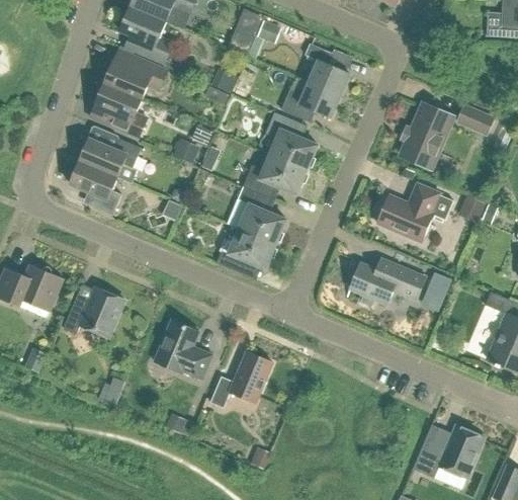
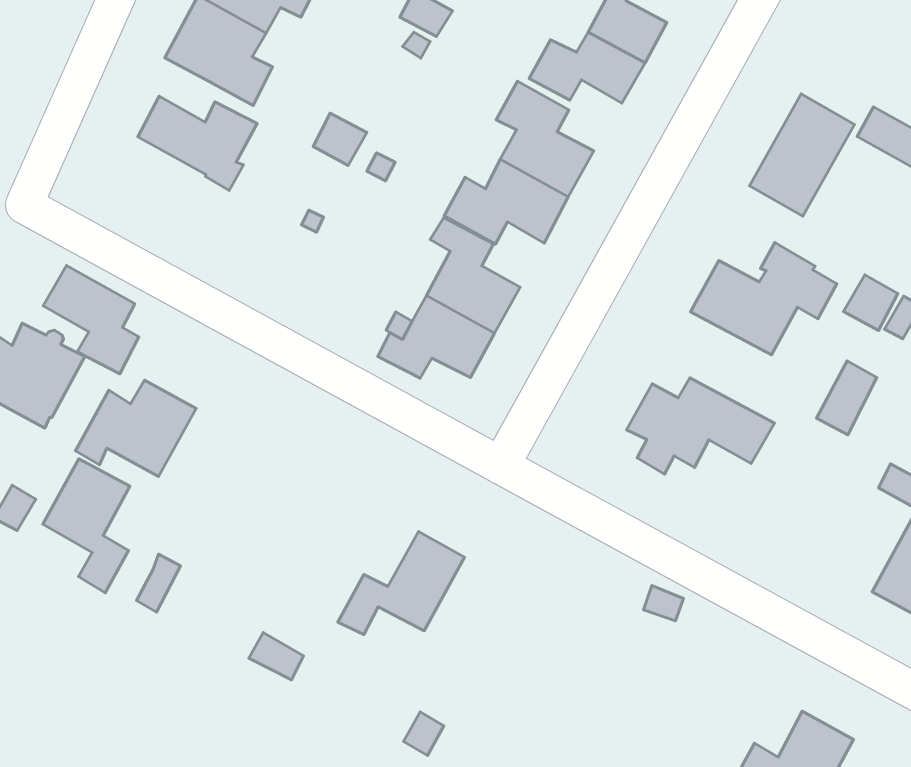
building: [69,159,120,213] -> [43,266,139,374]
building: [420,271,449,310] -> [816,361,877,435]
building: [153,318,211,378] -> none
building: none -> [43,459,130,593]

